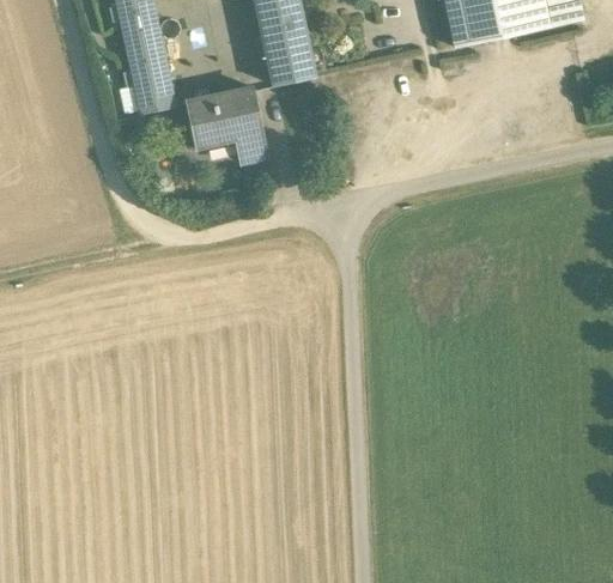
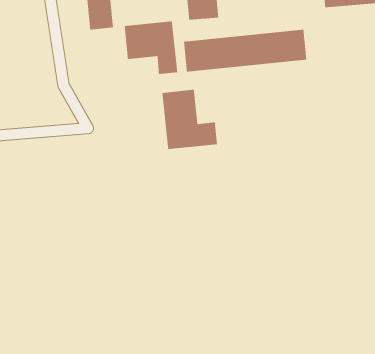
building: none -> [183,29,307,72]
building: none -> [162,89,218,150]

